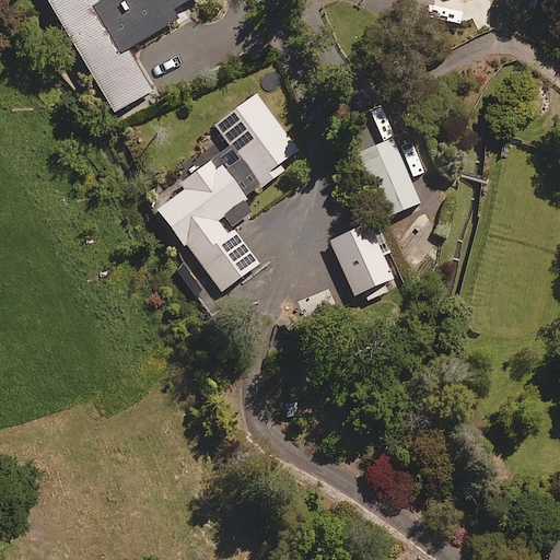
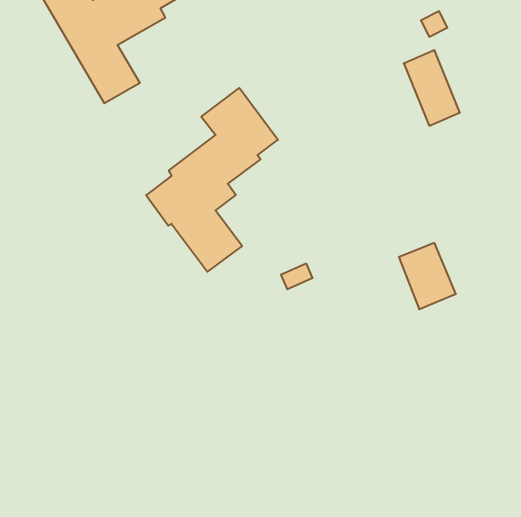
building: [359,136,419,217] -> [404,50,460,126]
building: [331,224,393,295] -> [399,243,456,309]

